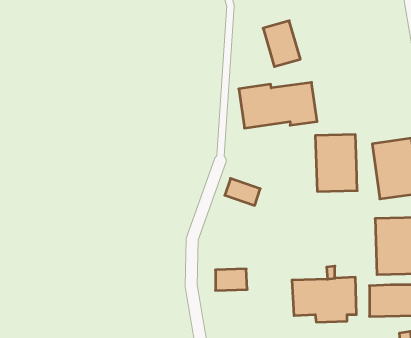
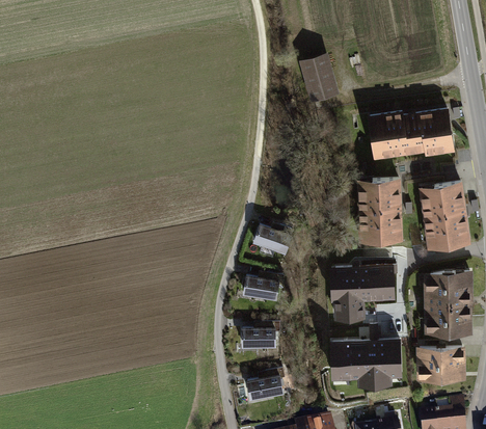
building: [239,82,317,128] -> [367,107,454,158]
building: none -> [329,264,395,319]
building: none -> [244,276,281,301]
building: none -> [244,373,282,400]

